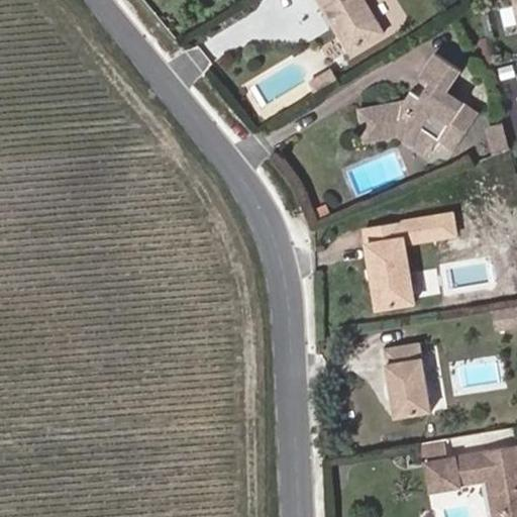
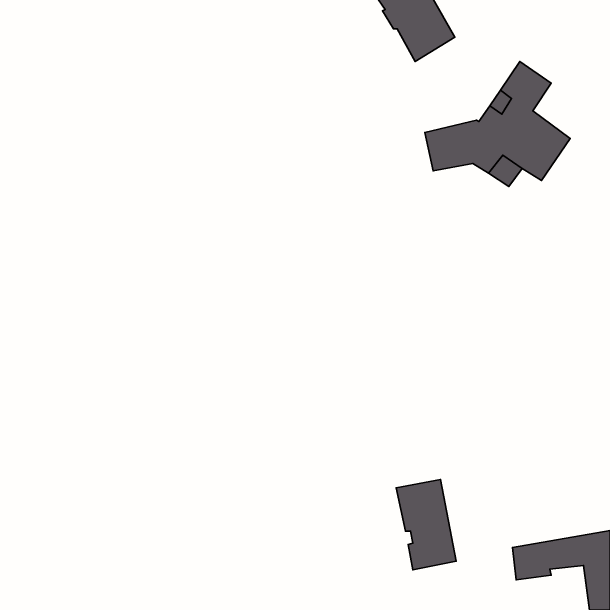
building: [363,214,452,309] -> none
building: [387,340,437,416] -> [396,479,456,570]

